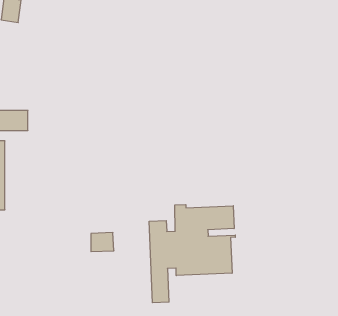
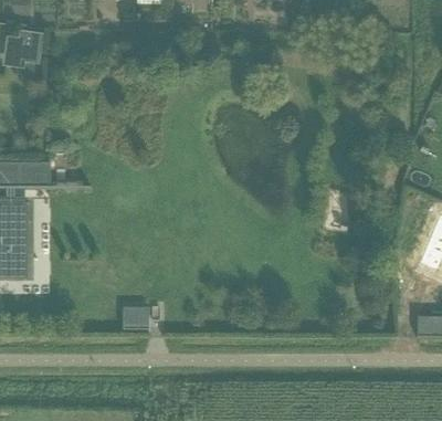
building: [149,205,235,303] -> none

